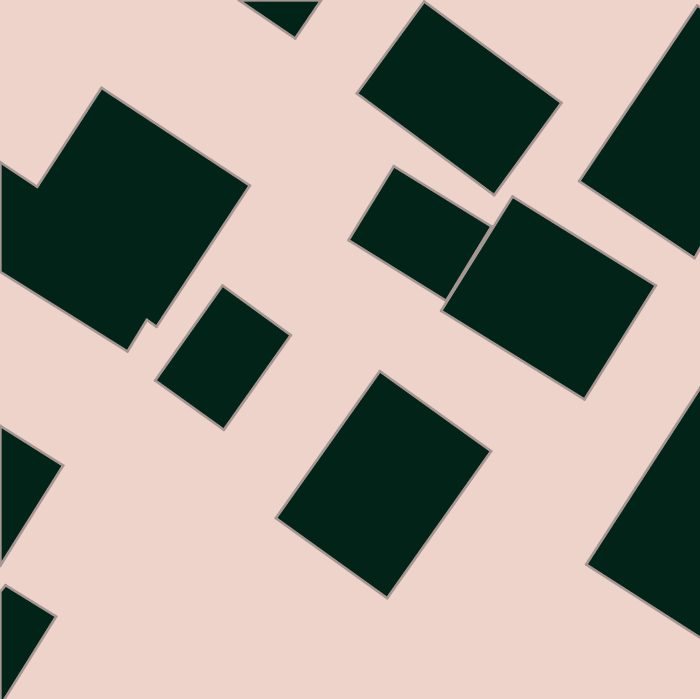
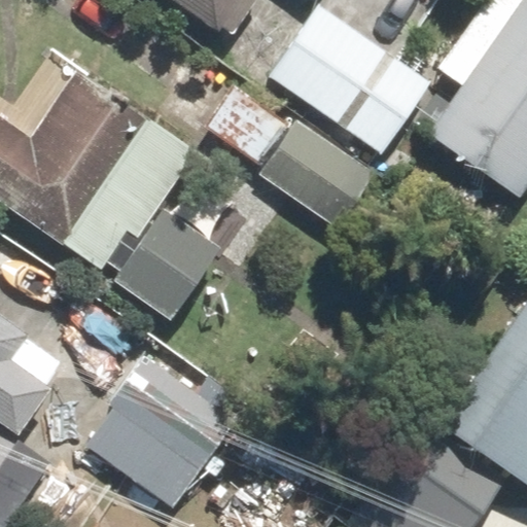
building: [441,197,656,399] -> none
building: [276,371,491,598] -> none
building: none -> [75,356,221,503]

